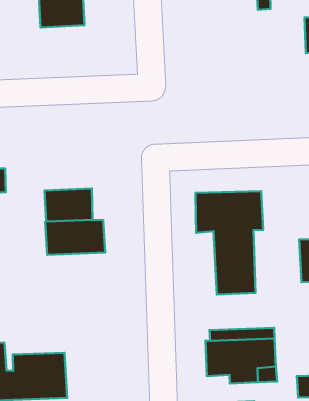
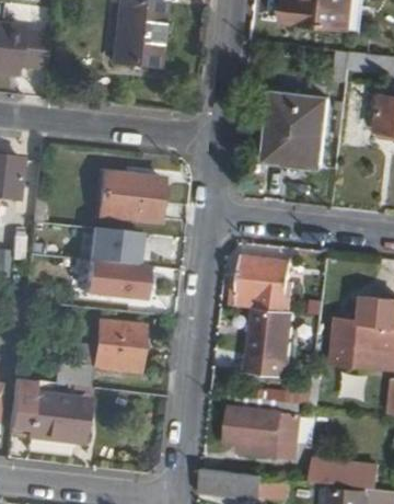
building: none -> [271,92,332,163]
building: none -> [97,173,165,219]
building: none -> [60,320,143,382]

